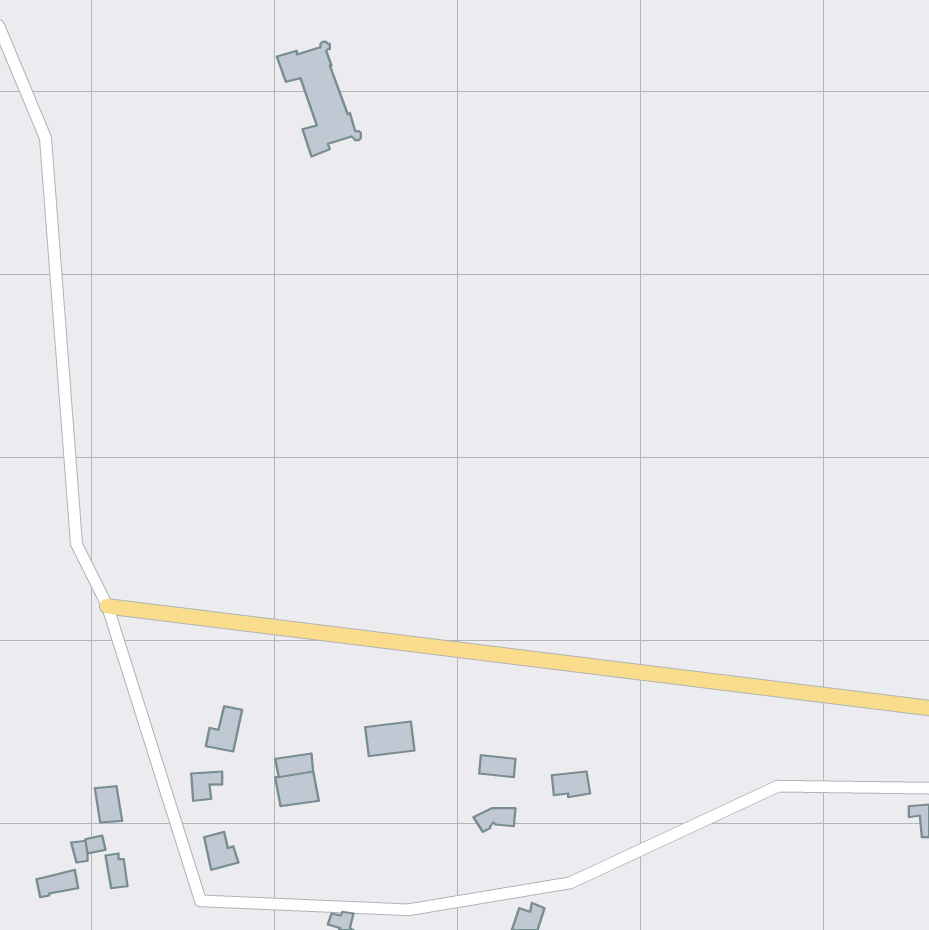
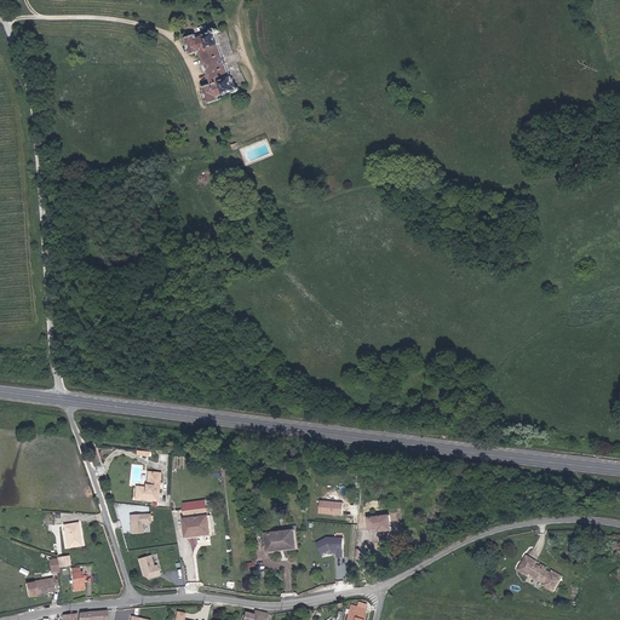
building: [365,722,414,756] -> [264,528,297,551]
building: none -> [515,556,559,592]

